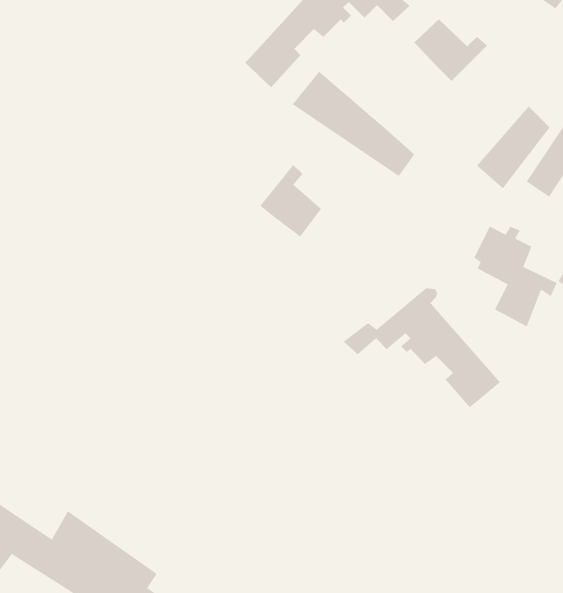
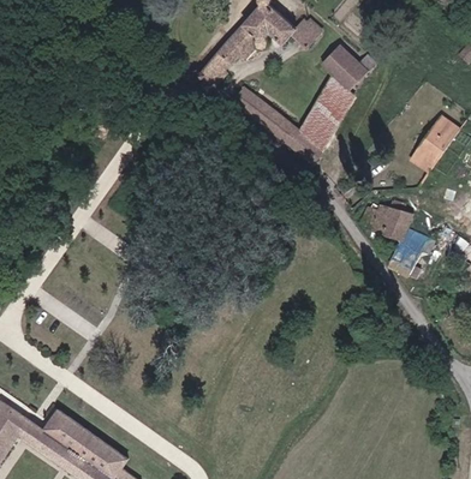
building: [476,105,551,189] -> [300,76,357,139]
building: [259,164,322,237] -> none
building: [343,288,501,408] -> none

